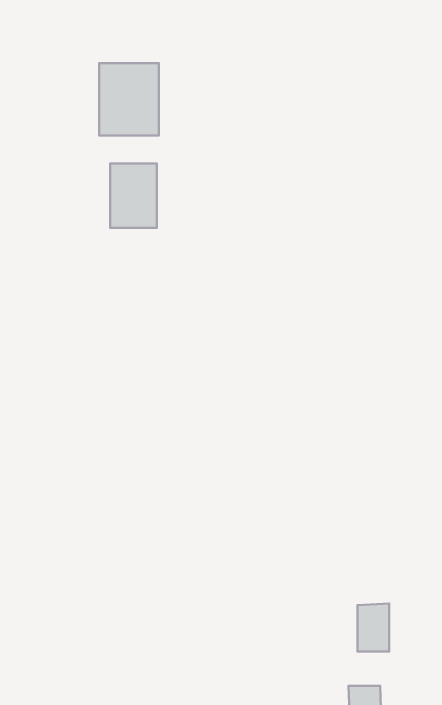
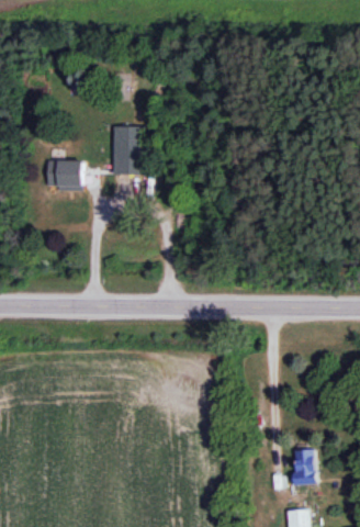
building: [99,63,159,136] -> none
building: none -> [47,160,82,188]

